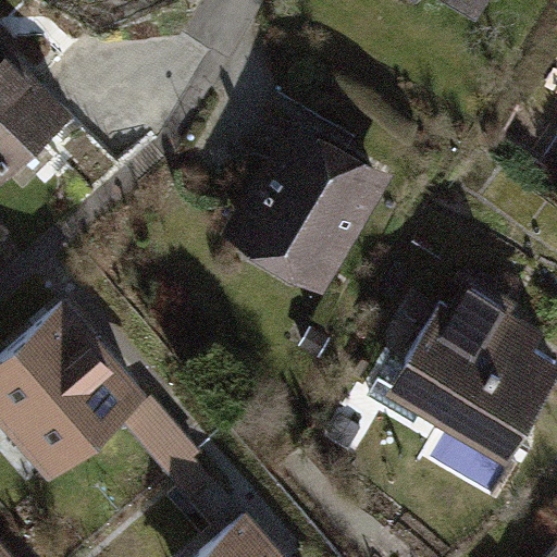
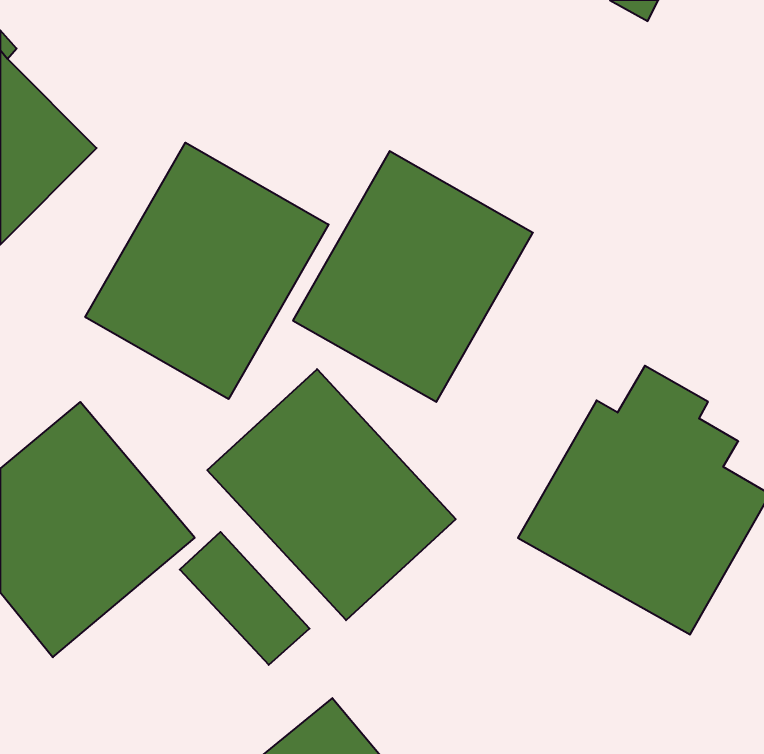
building: none -> [85,143,329,399]
building: none -> [207,369,456,620]

